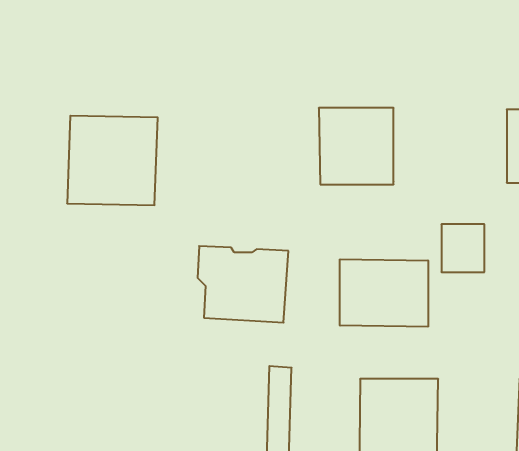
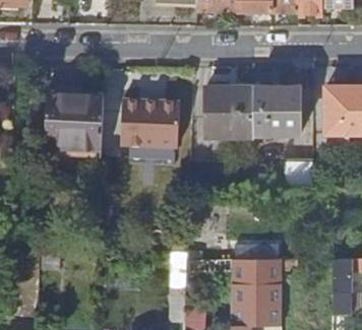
building: none -> [253,86,299,133]
building: [198,246,288,323] -> [121,97,179,146]
building: [340,259,428,327] -> none

